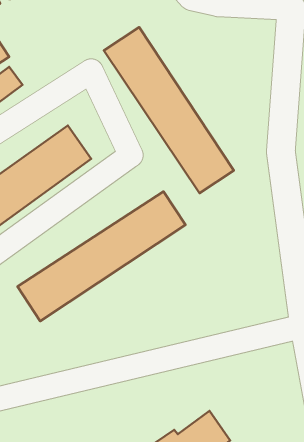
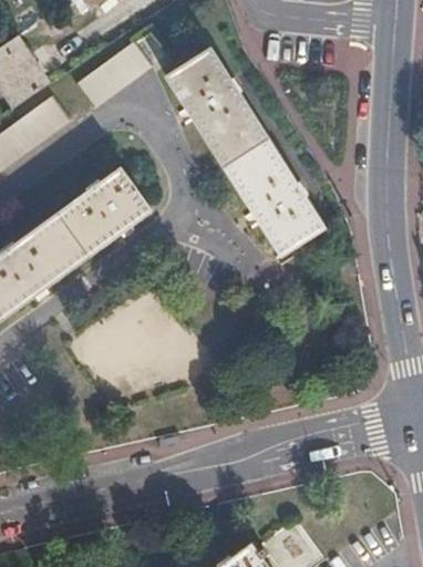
building: none -> [74,42,148,109]
building: [18,192,185,321] -> none

